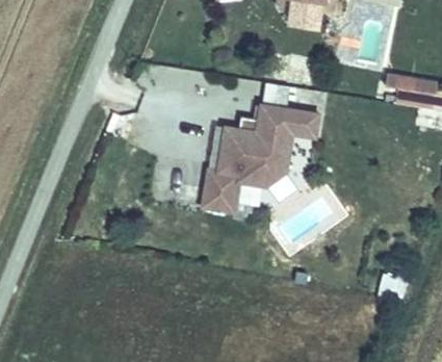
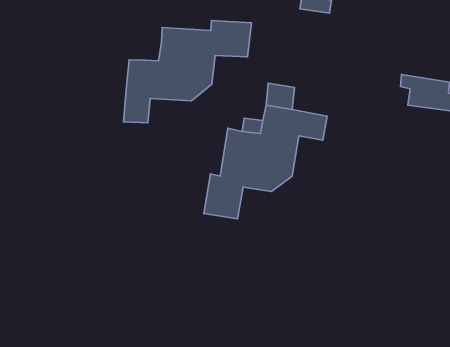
building: none -> [123,21,252,123]

